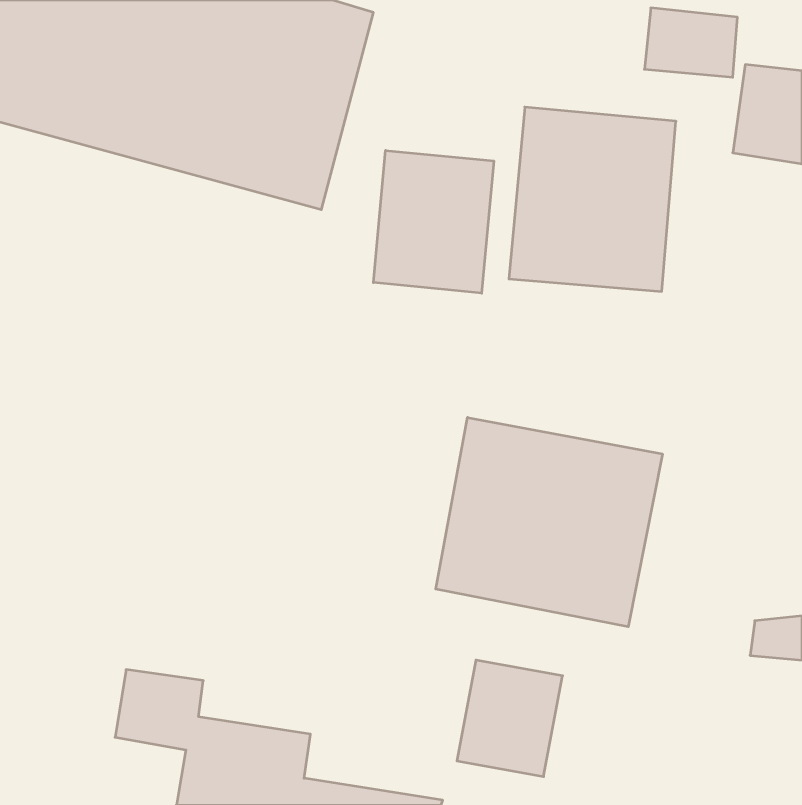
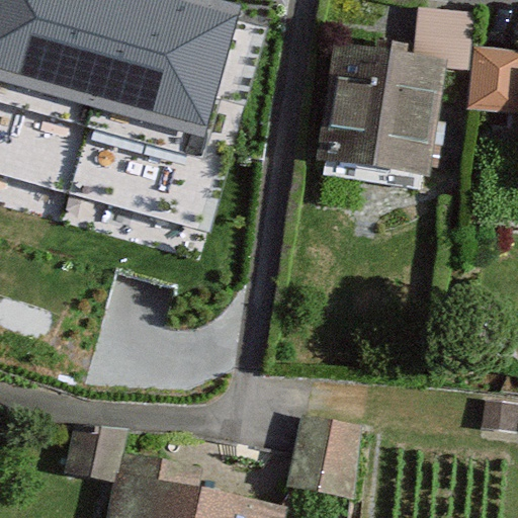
building: [373,150,494,293] -> none
building: [436,417,662,627] -> none

